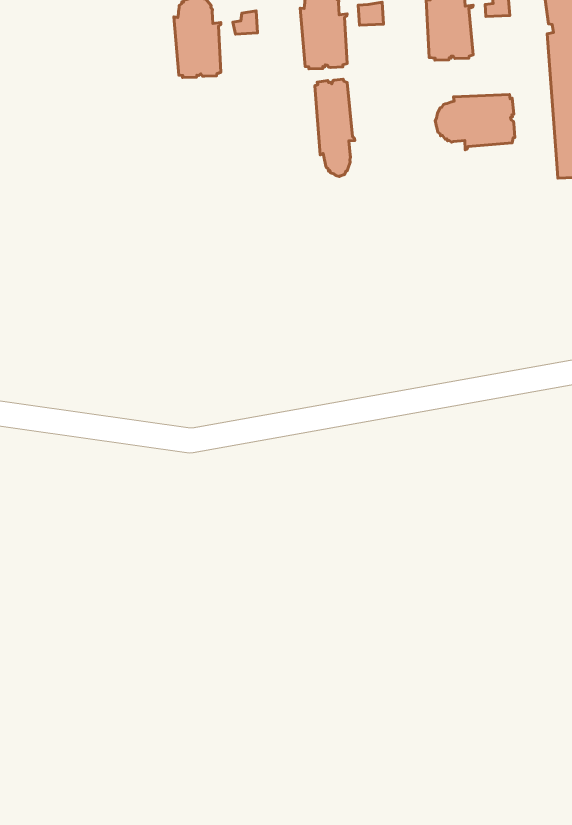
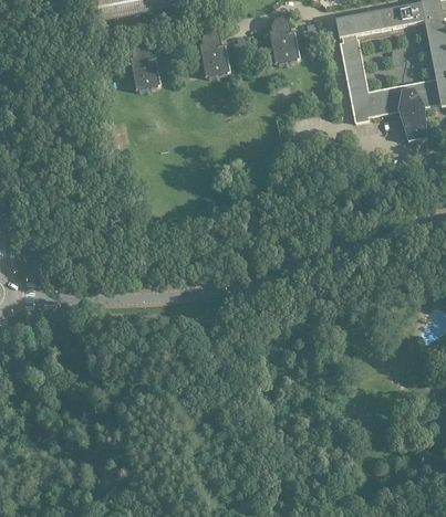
building: [315,79,355,177] -> none
building: [435,94,515,150] -> none

